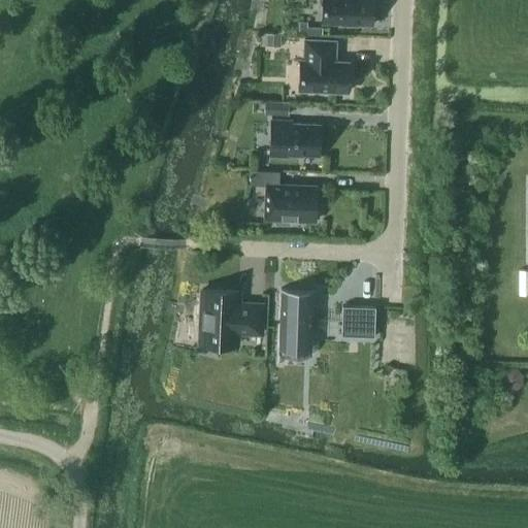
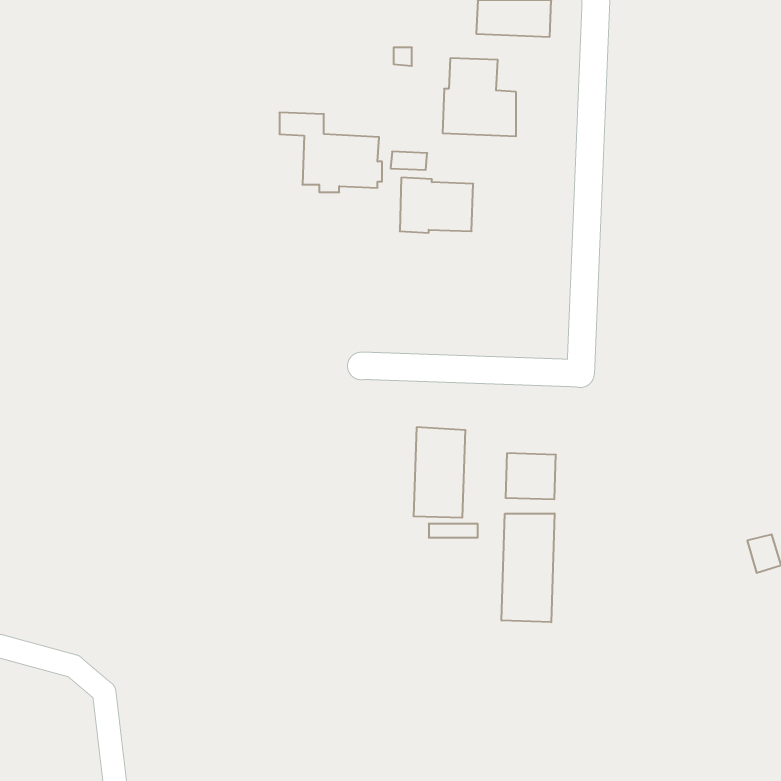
building: [250,171,319,225] -> [279,113,382,192]
building: [202,291,263,341] -> none
building: none -> [502,513,555,622]

